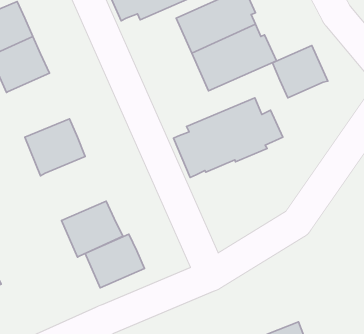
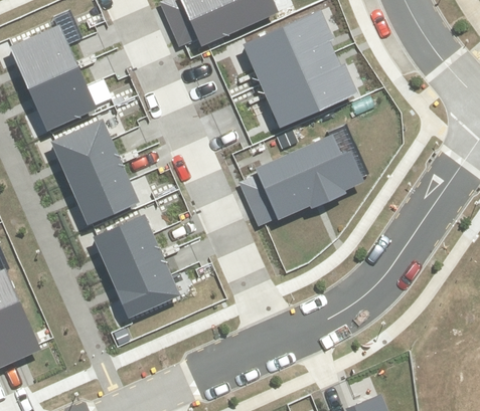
building: [273,45,328,98] -> none
building: none -> [51,120,120,181]
building: [85,234,145,288] -> [94,215,162,276]

